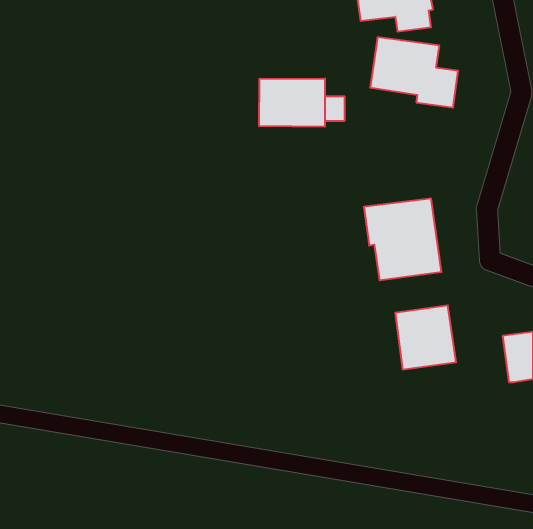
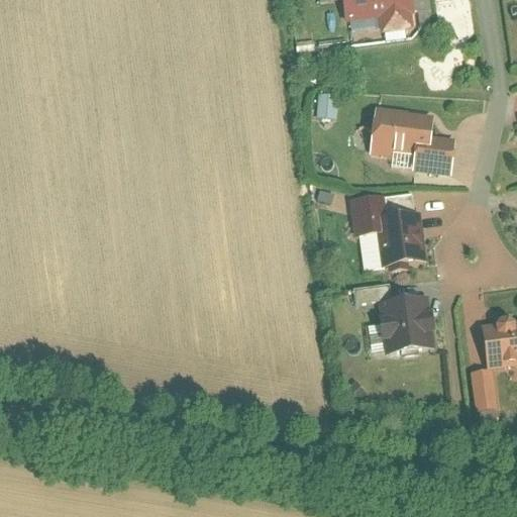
building: [370,37,458,108] -> [370,105,454,173]
building: [259,78,325,127] -> none
building: none -> [470,368,501,426]

